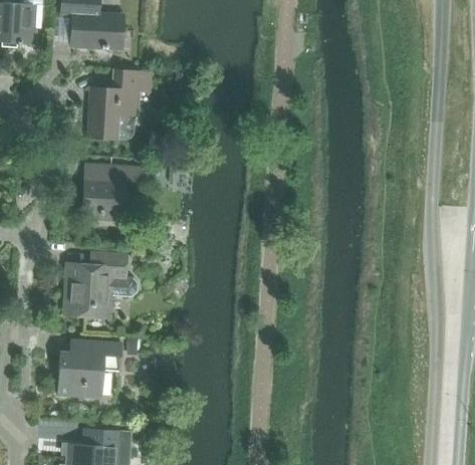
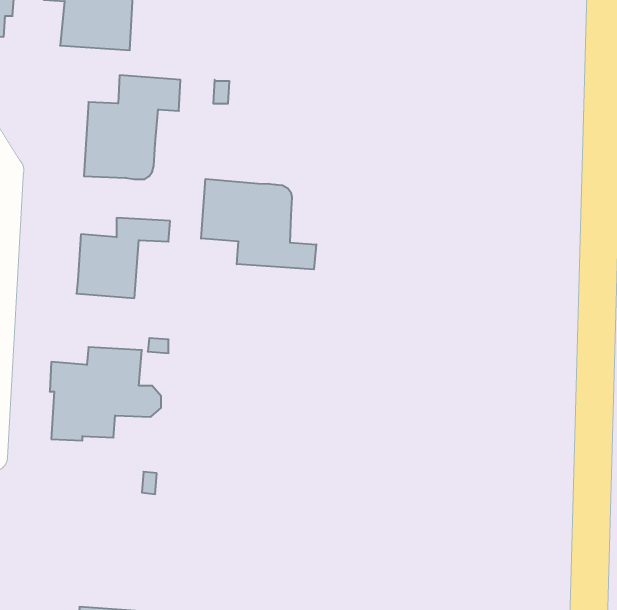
building: none -> [201,179,316,269]
building: [56,339,121,397] -> none

